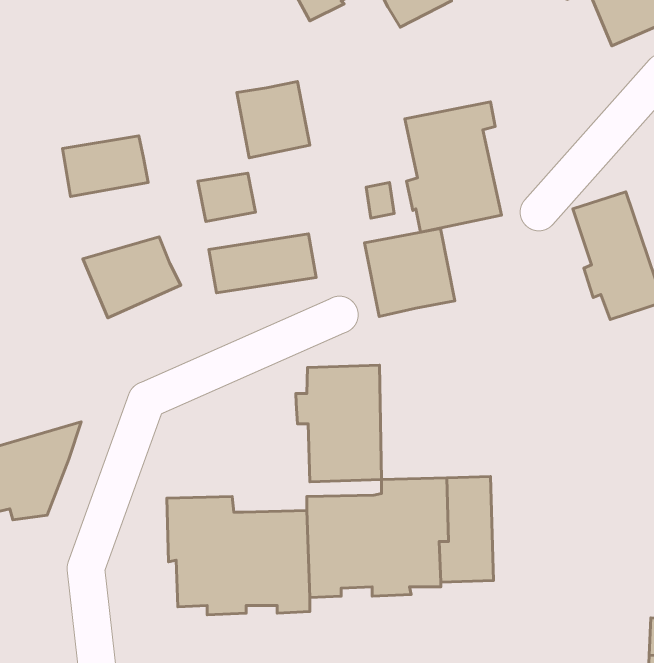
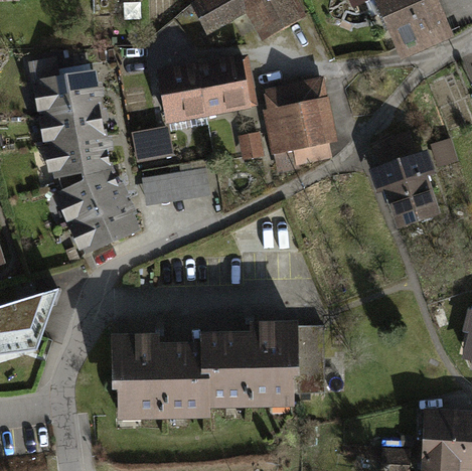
building: none -> [29,58,96,112]
building: none -> [198,60,249,110]
building: none -> [51,134,109,183]
building: [365,229,455,317] -> none
building: none -> [75,200,135,250]
building: [296,365,382,482] -> none

